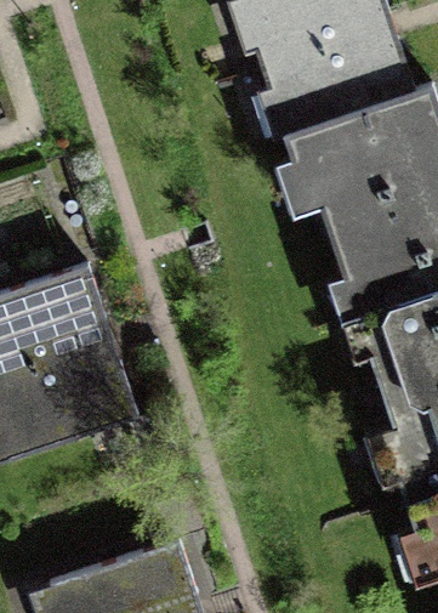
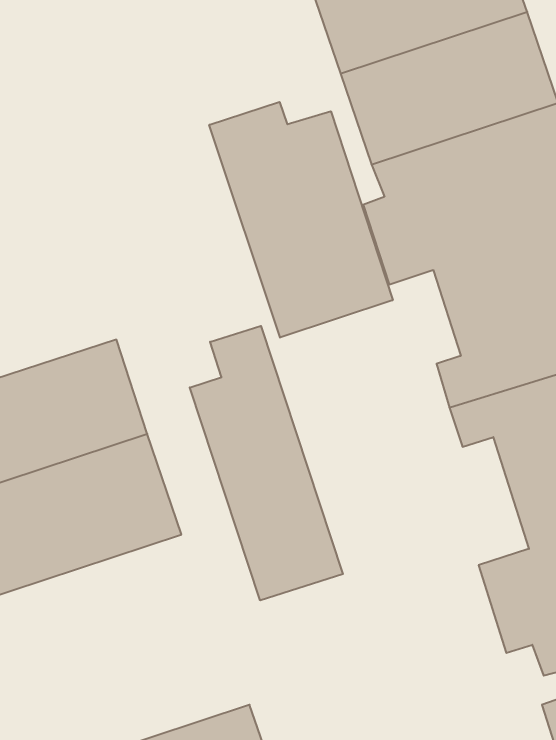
building: none -> [209,102,393,338]
building: none -> [190,326,343,600]

